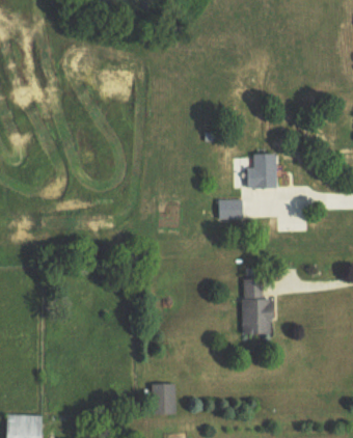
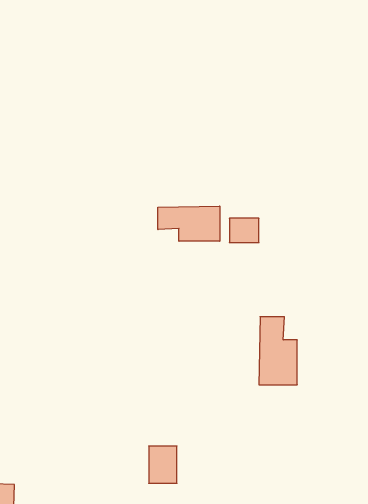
building: [247,154,276,189] -> none
building: none -> [158,206,220,241]

